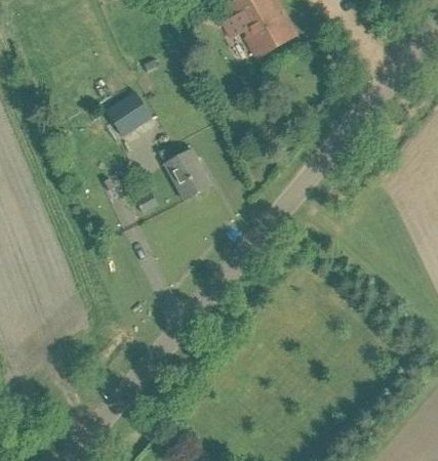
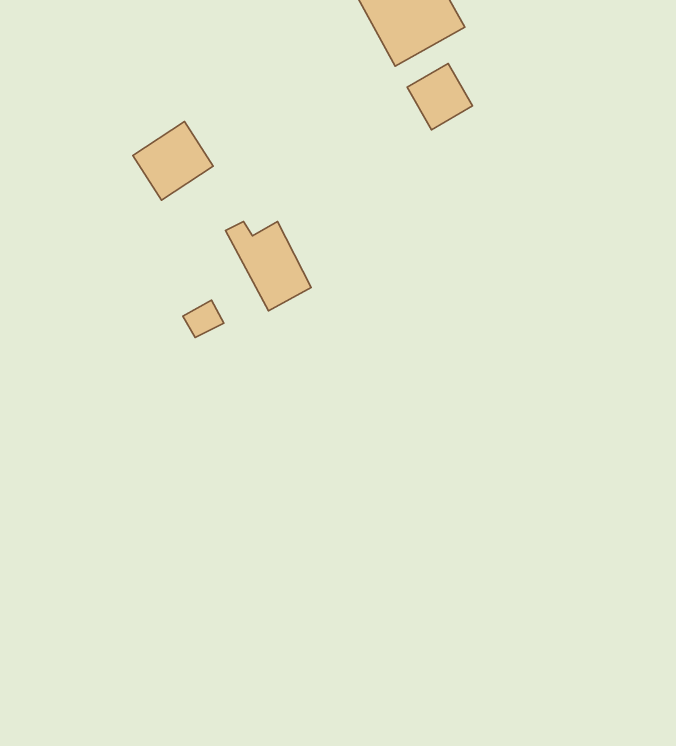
building: none -> [407,64,472,130]

